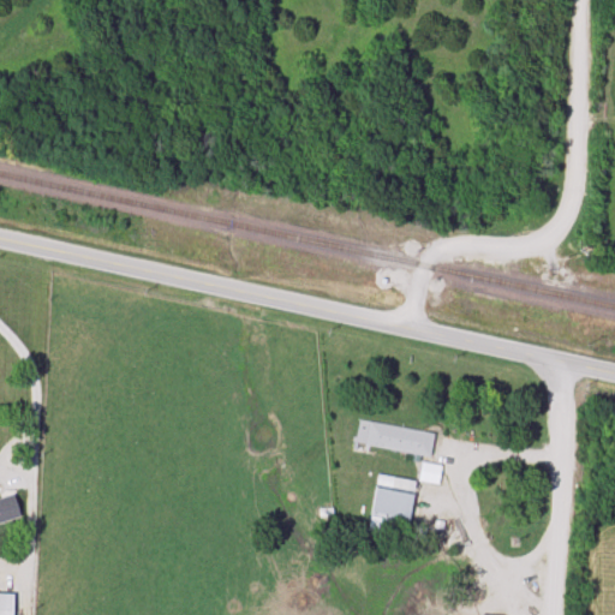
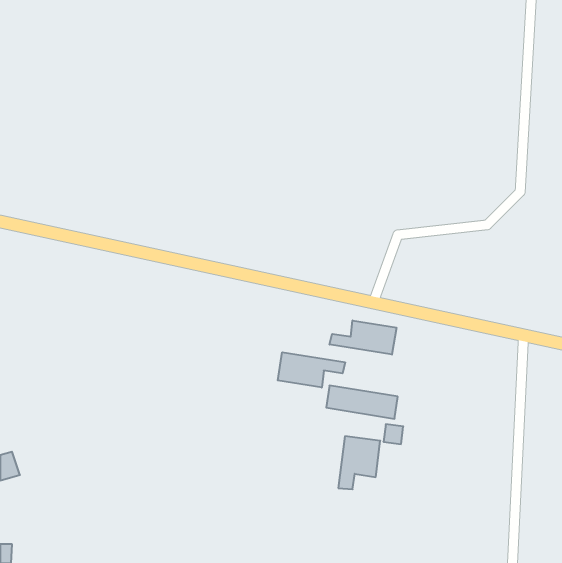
building: none -> [330,320,396,355]
building: none -> [278,352,345,388]

